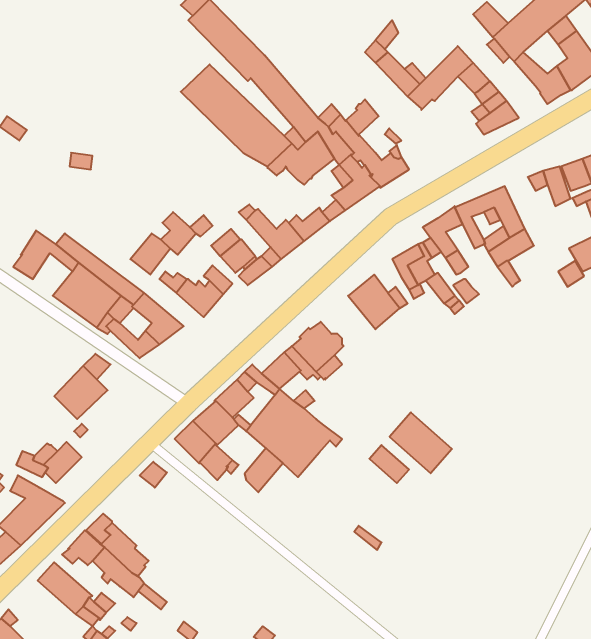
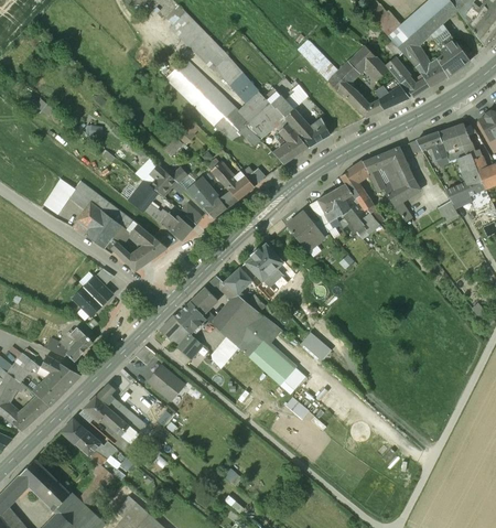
building: none -> [387,58,430,97]
building: none -> [338,84,384,117]
building: [390,412,452,473] -> [249,340,294,384]
building: none -> [149,366,183,400]

